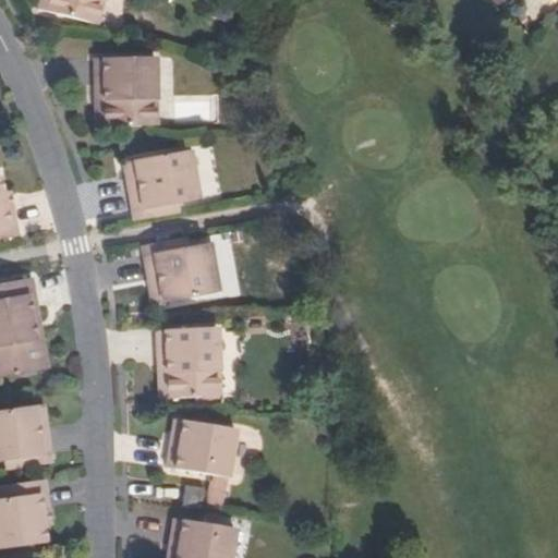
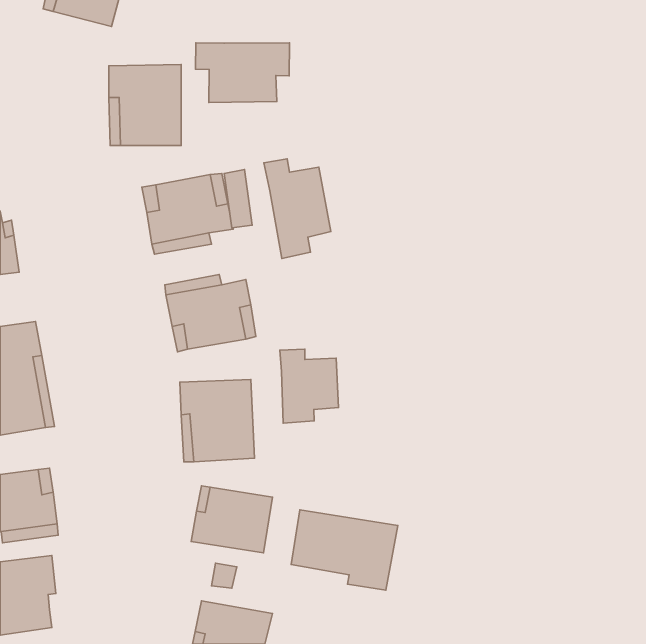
building: none -> [196,43,290,103]
building: none -> [264,159,331,258]
building: none -> [280,349,338,423]
building: none -> [291,510,398,590]

